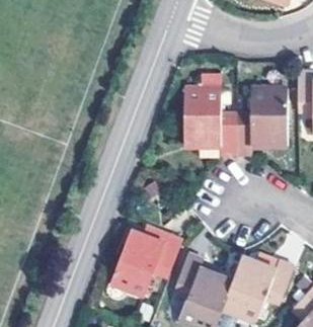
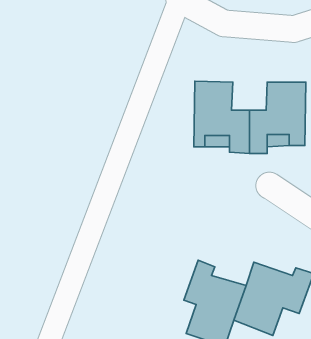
building: [109,227,182,294] -> none

